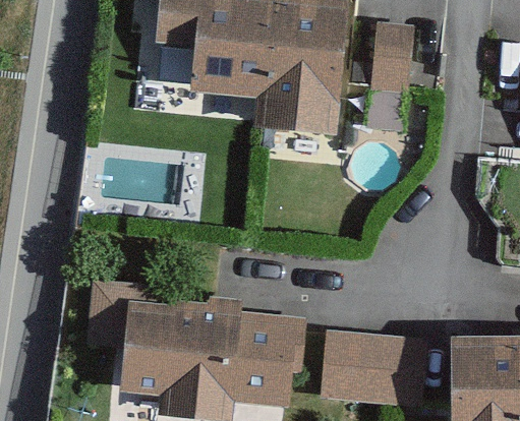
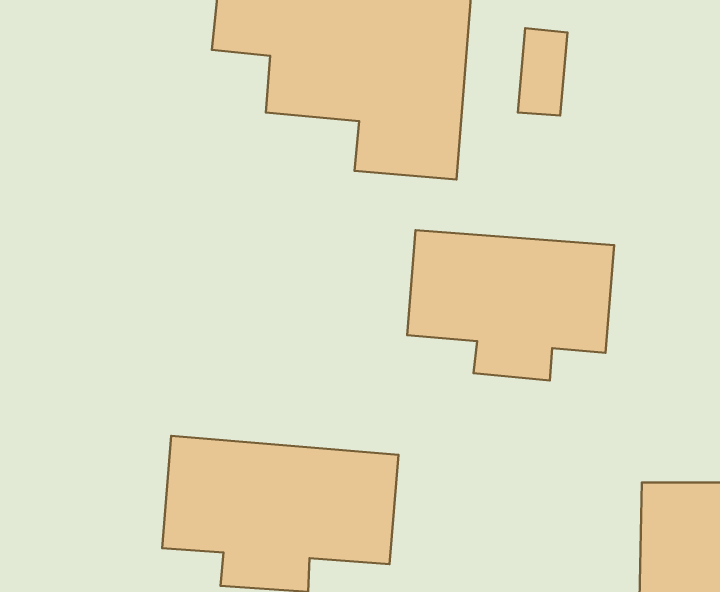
building: none -> [407,230,614,380]
building: [326,336,420,396] -> none

